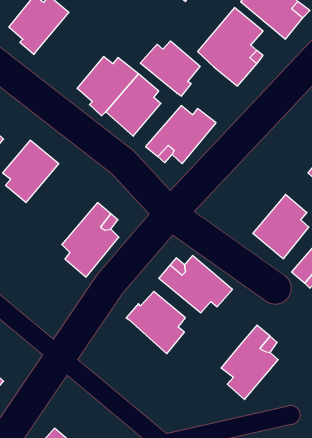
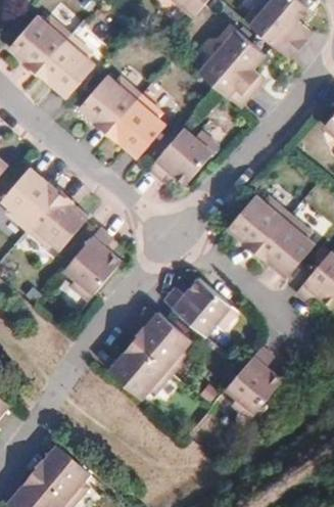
building: none -> [39,34,93,95]
building: [140,41,200,96] -> none
building: none -> [29,182,90,242]
building: none -> [228,200,288,259]
building: none -> [107,341,170,399]

